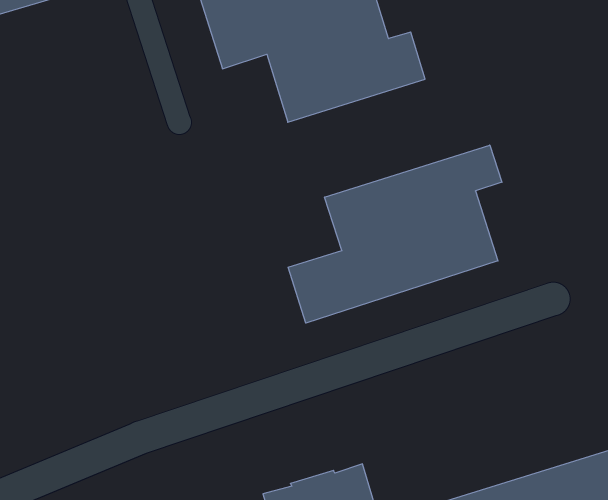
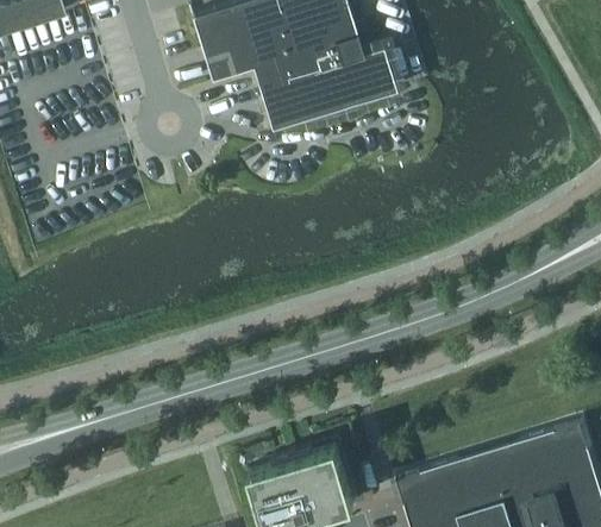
building: [288,145,502,323] -> none

